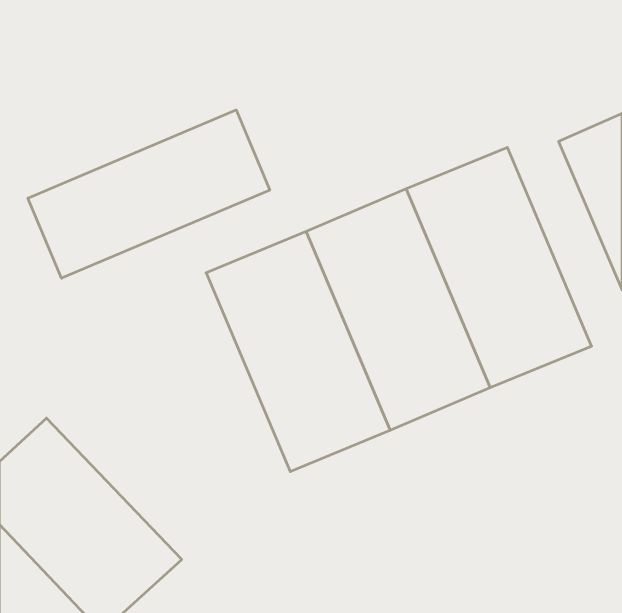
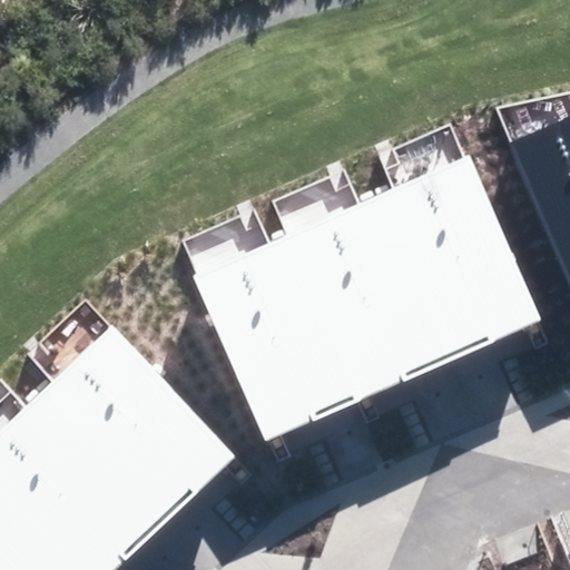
building: [28,110,270,278] -> none
building: none -> [42,323,238,520]

